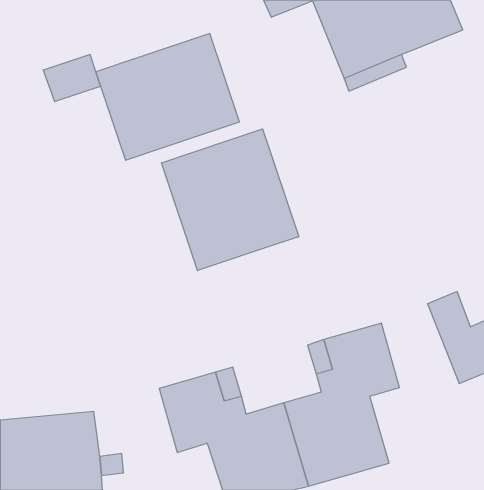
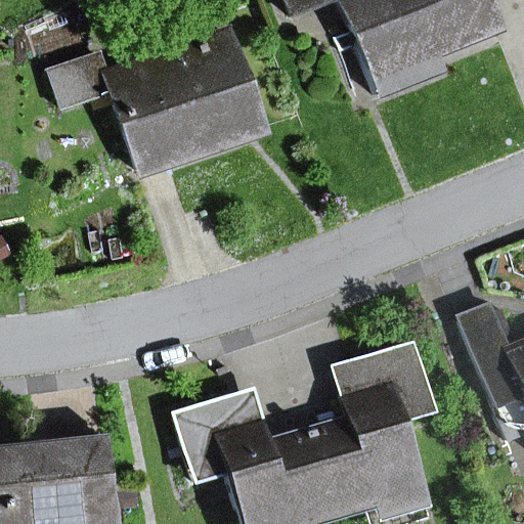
building: [161,129,299,271] -> none

